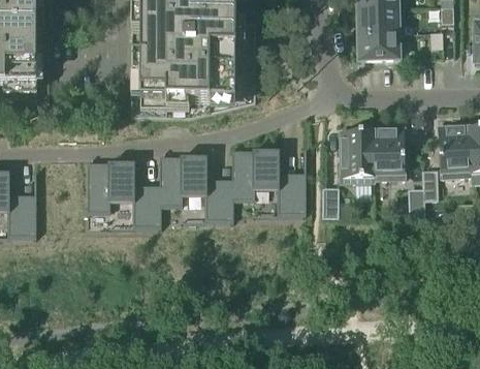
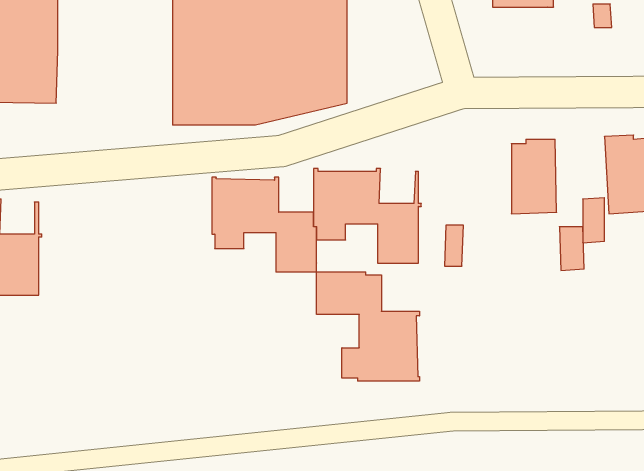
building: [356,33,397,58] -> none
building: [340,130,372,183] -> none
building: [87,160,161,227] -> none
building: none -> [317,272,419,381]

